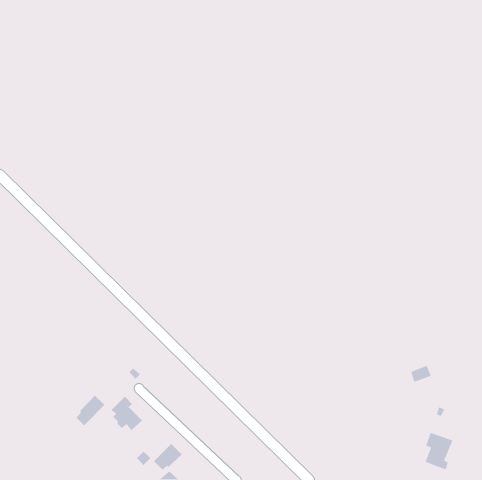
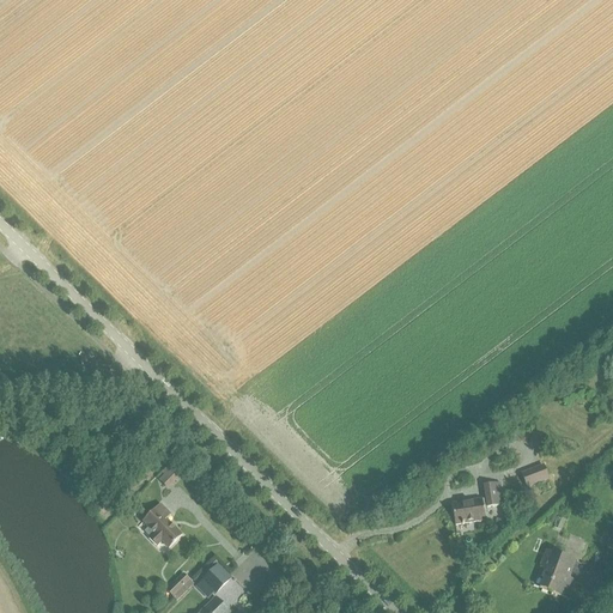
building: none -> [450,479,502,522]
building: [76,395,105,426] -> none

